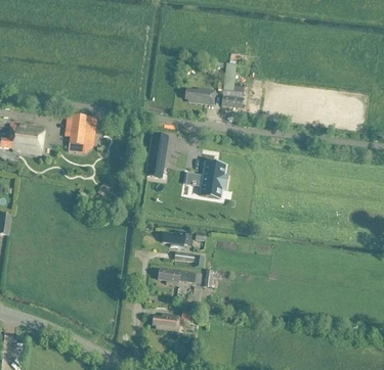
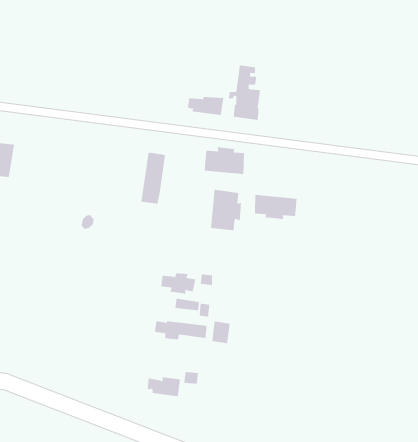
building: [67,112,89,144] -> none
building: none -> [204,146,245,175]
building: none -> [254,194,297,220]

